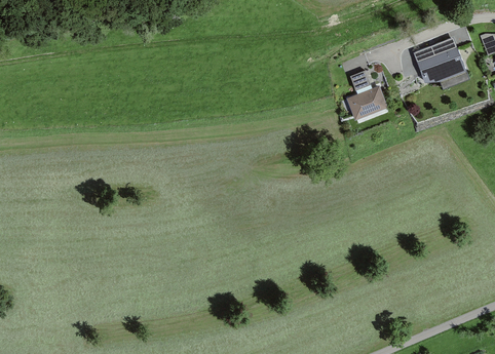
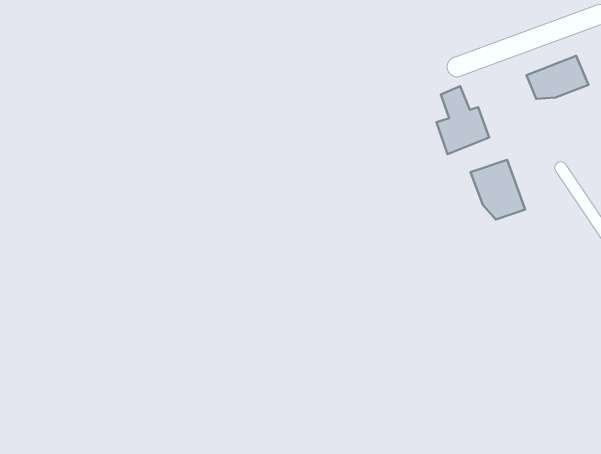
building: none -> [470,160,525,220]

